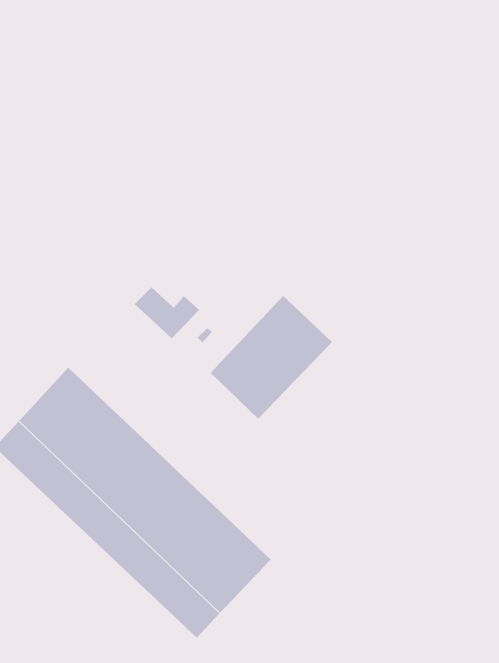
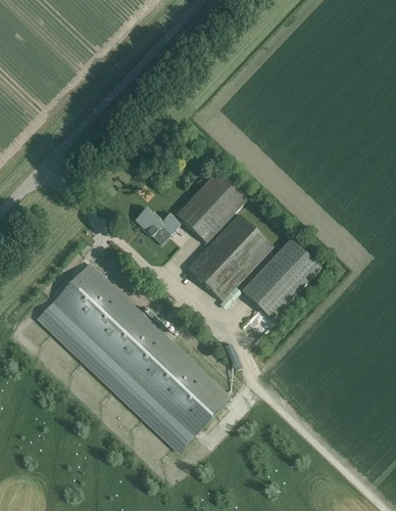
building: none -> [177,170,248,242]
building: none -> [242,238,320,318]

